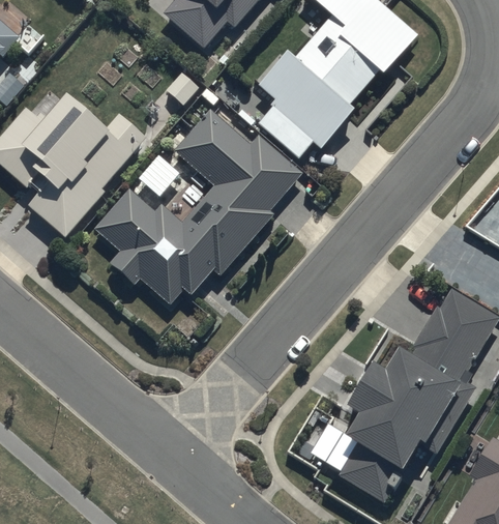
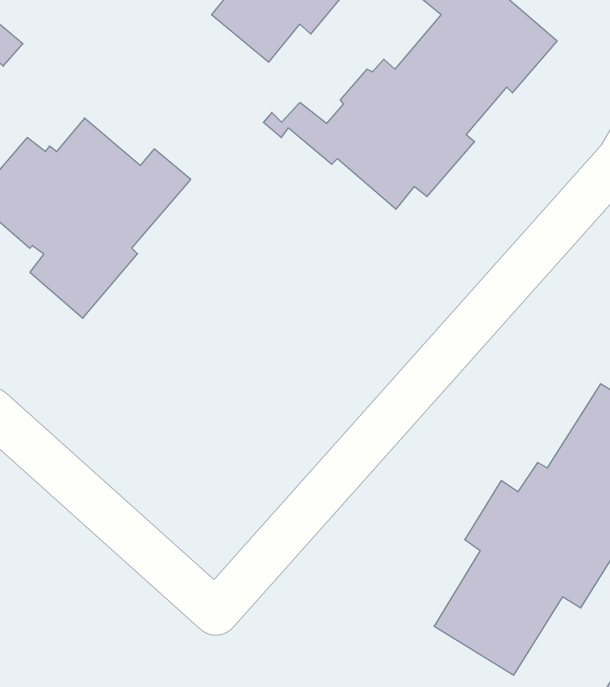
building: [94,110,303,304] -> none

